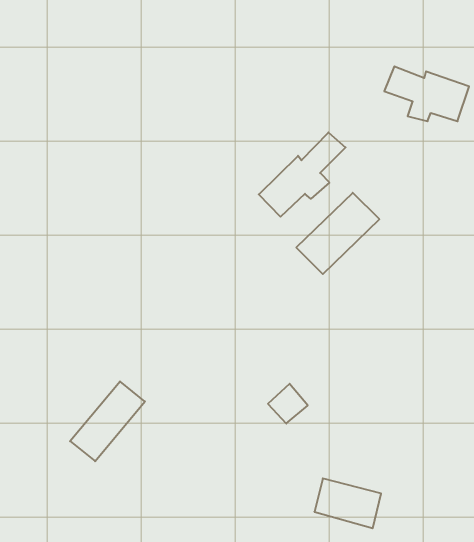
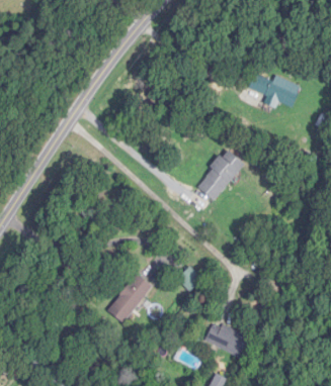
building: [259,132,346,217] -> none
building: [70,381,145,461] -> [106,274,152,322]

